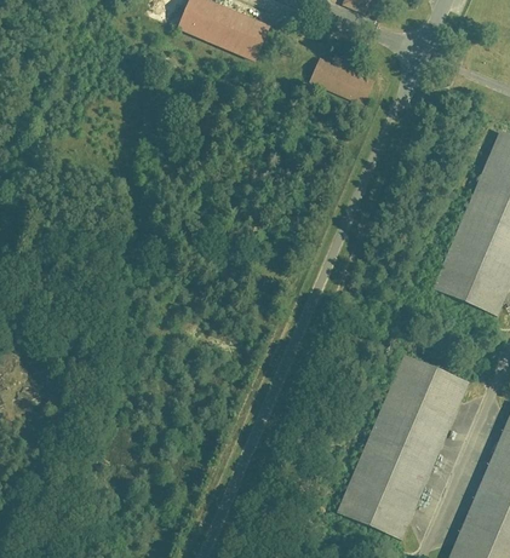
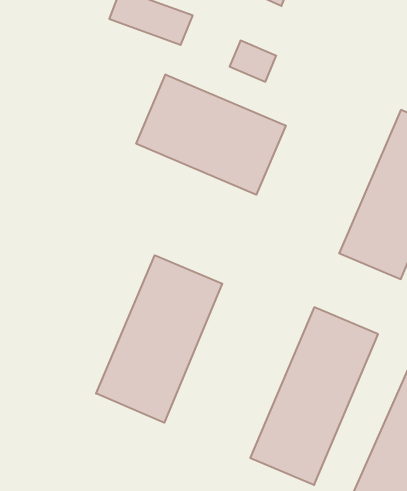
building: none -> [136,74,286,195]
building: none -> [96,255,222,423]

